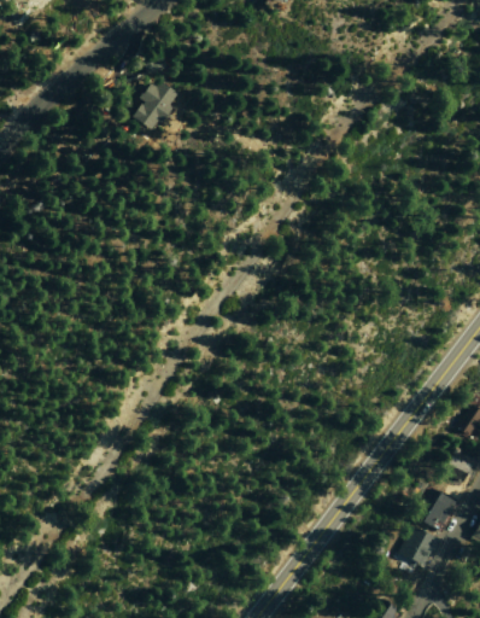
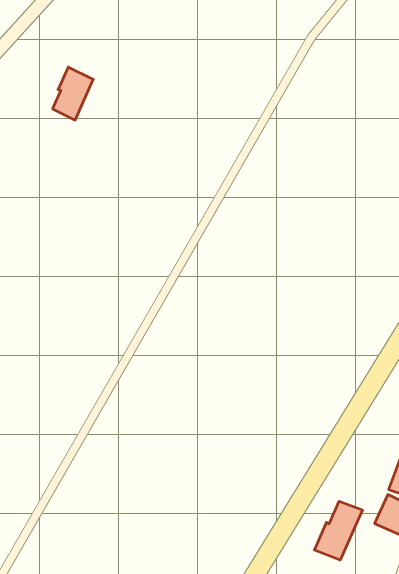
building: none -> [314,501,362,560]

